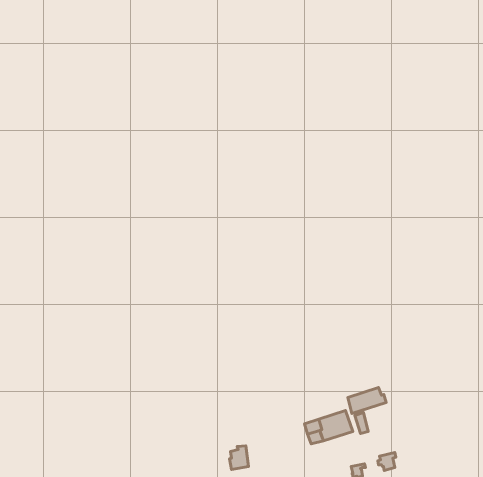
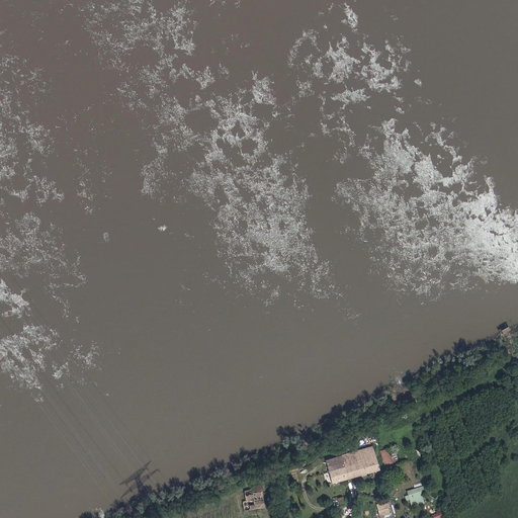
building: [348,387,386,414] -> none

